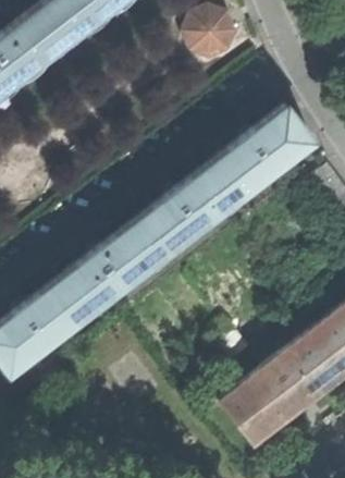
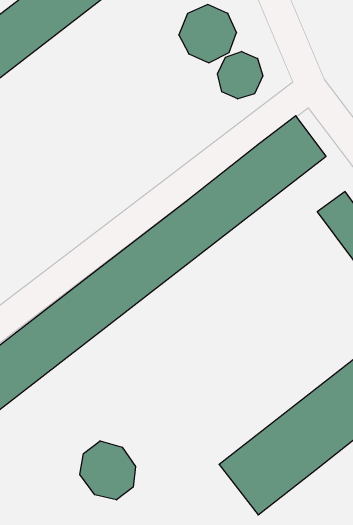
building: none -> [217,51,263,99]
building: none -> [80,441,136,500]

